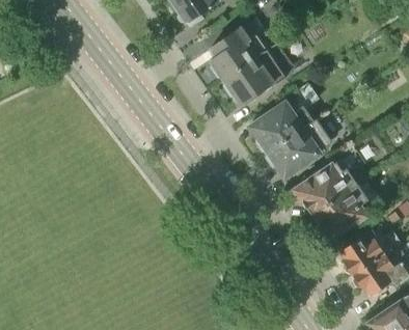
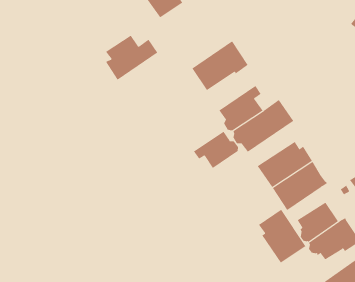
building: [209,29,268,80] -> [105,35,158,81]
building: none -> [193,131,238,169]
building: none -> [258,209,306,263]

